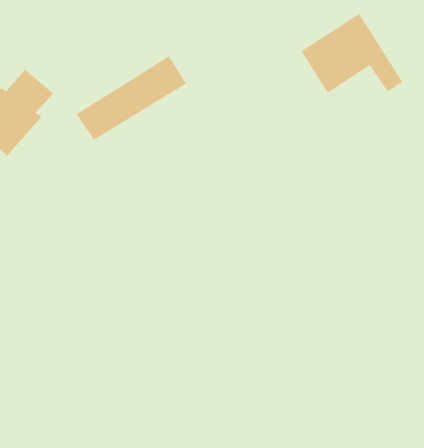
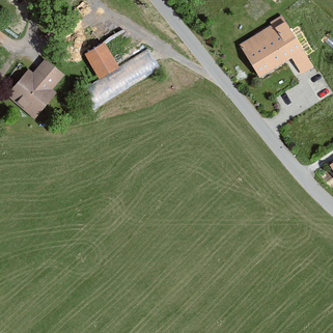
building: none -> [84,43,117,77]

